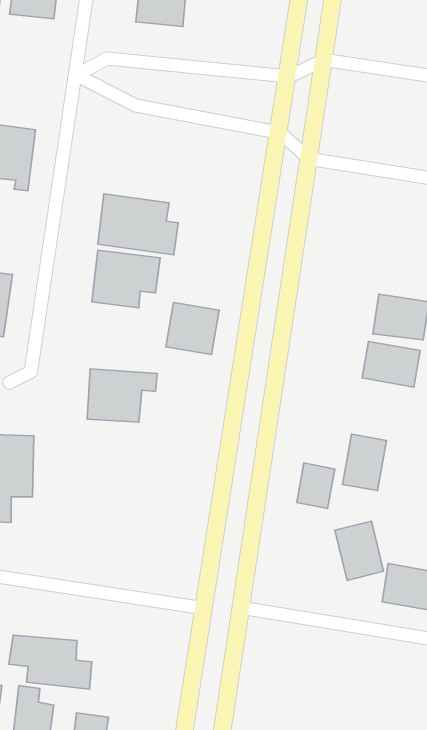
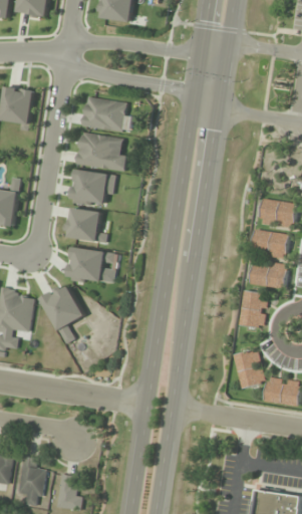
building: none -> [82,96,132,135]
building: [166,303,219,354] -> [66,208,101,242]
building: none -> [249,260,285,289]
building: none -> [39,284,85,341]
building: [297,463,335,508] -> none
building: [9,635,92,689] -> none

